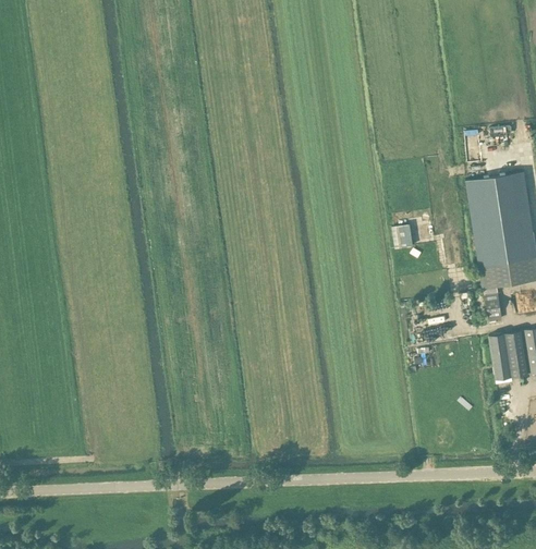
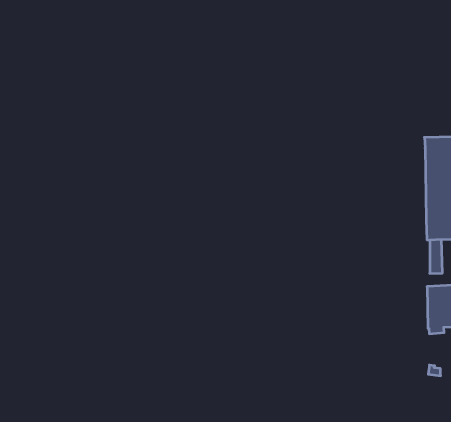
building: [392,224,414,249] -> none

